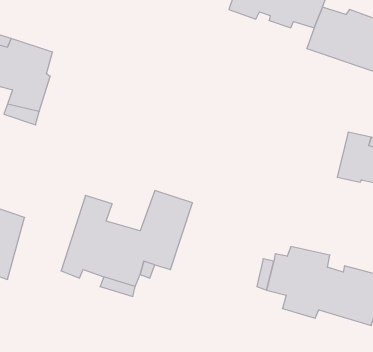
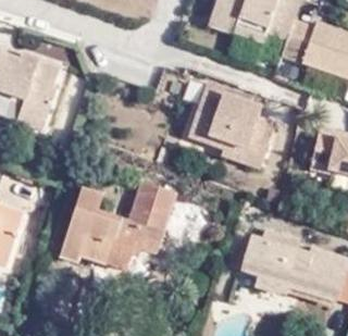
building: none -> [185,86,273,171]

